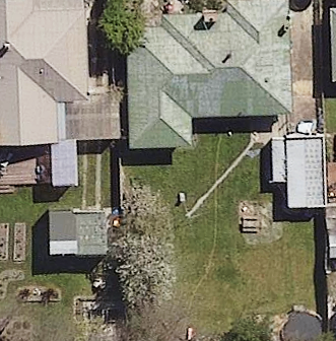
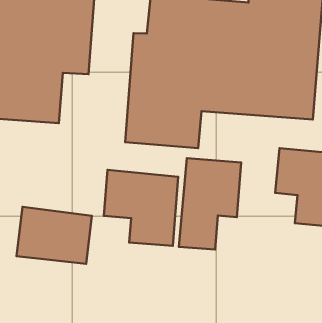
building: none -> [179,158,241,250]
building: none -> [104,170,178,246]

